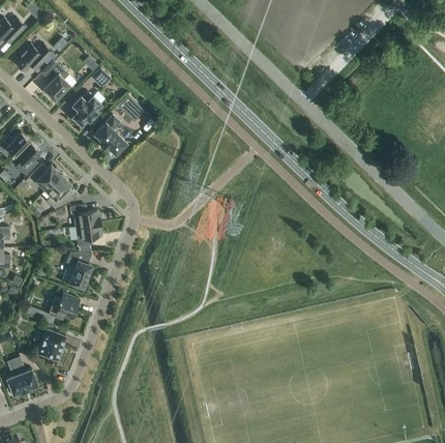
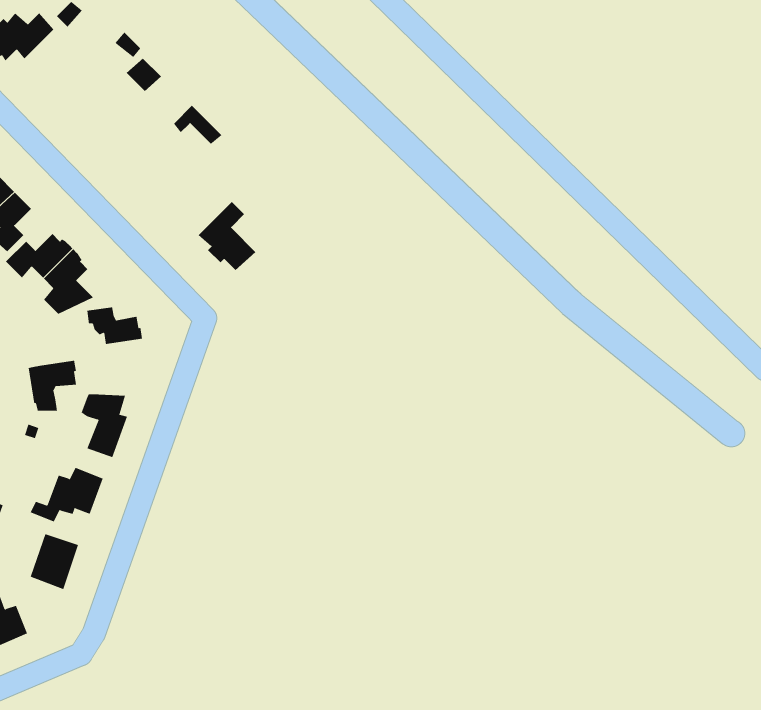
building: [43,64,69,99] -> none
building: [71,91,101,124] -> none
building: [94,115,126,153] -> [198,201,256,271]
building: [75,223,101,250] -> [28,360,77,411]

